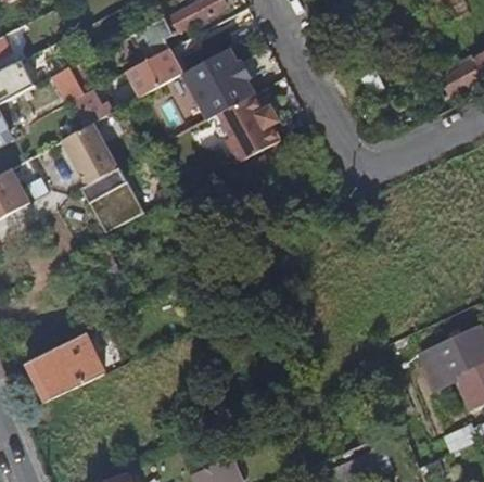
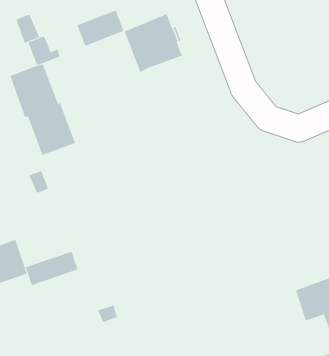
building: [217,93,280,162] -> none
building: none -> [25,251,78,286]

